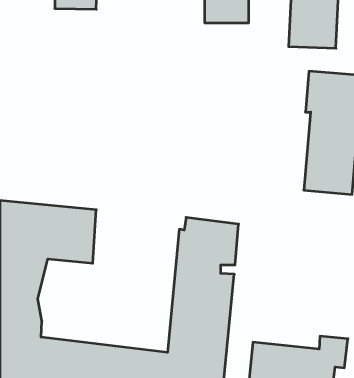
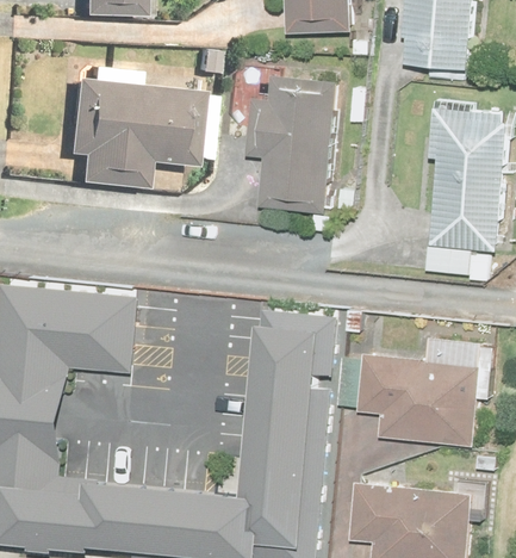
building: none -> [60,64,193,187]
building: none -> [248,78,334,210]
building: none -> [356,337,493,447]

